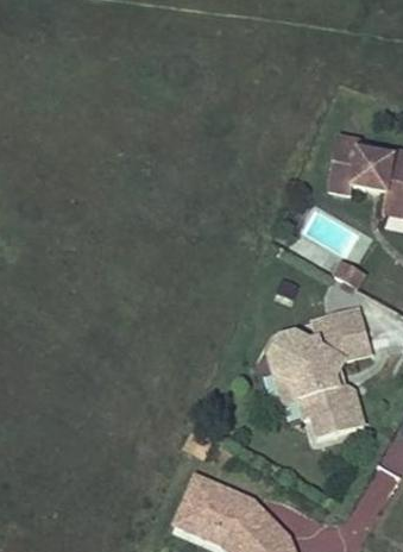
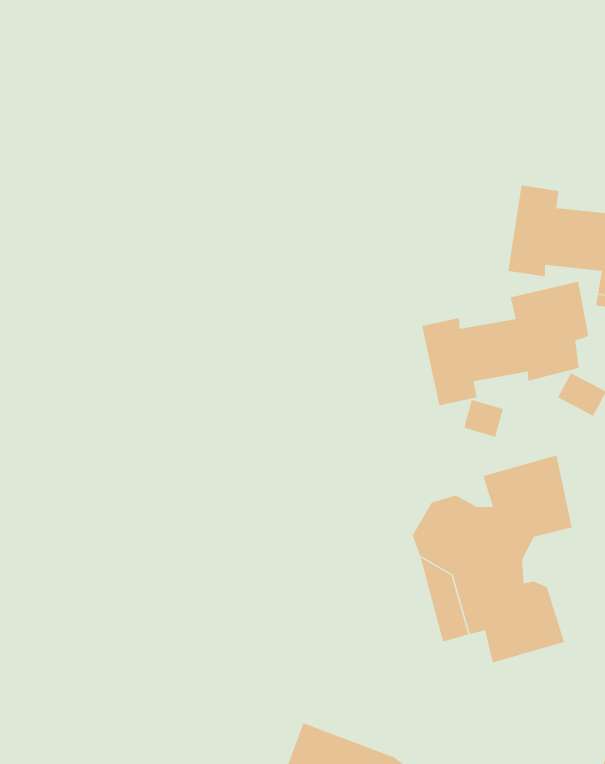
building: none -> [422,281,589,406]

